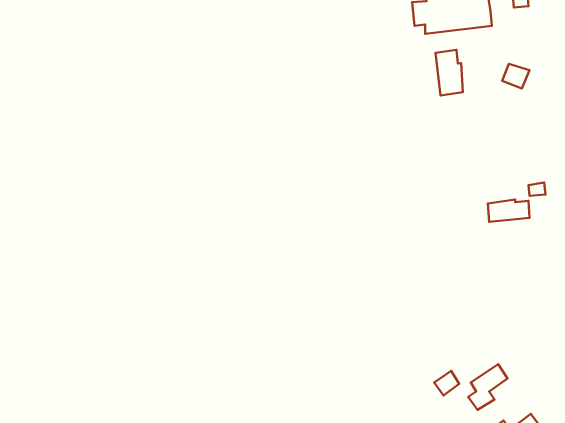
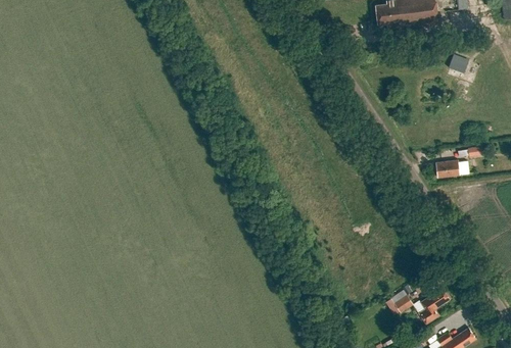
building: [435,50,463,95] -> none

